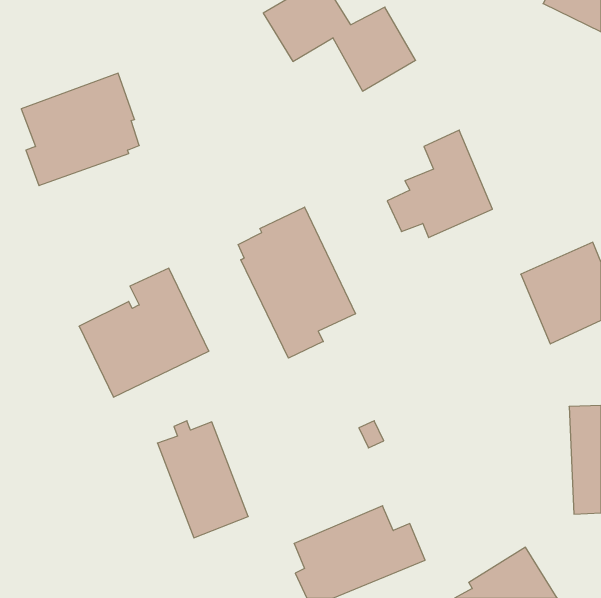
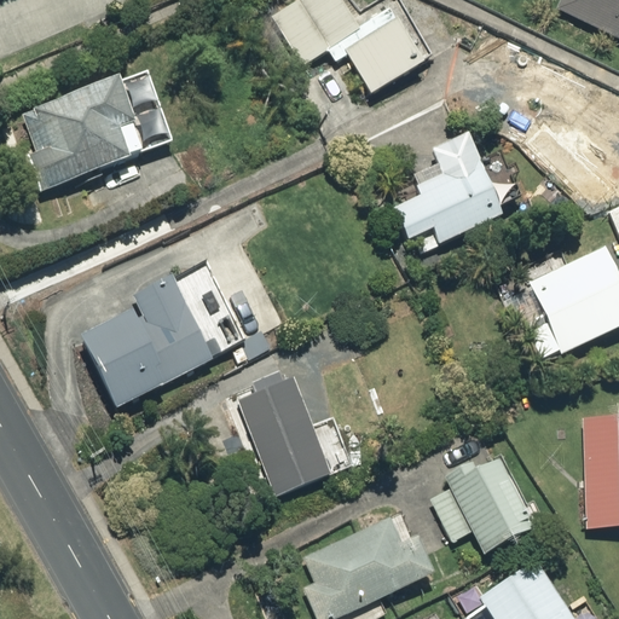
building: [238,207,355,358] -> none
building: [157,421,248,538] -> [238,375,331,494]
building: none -> [430,459,536,554]

